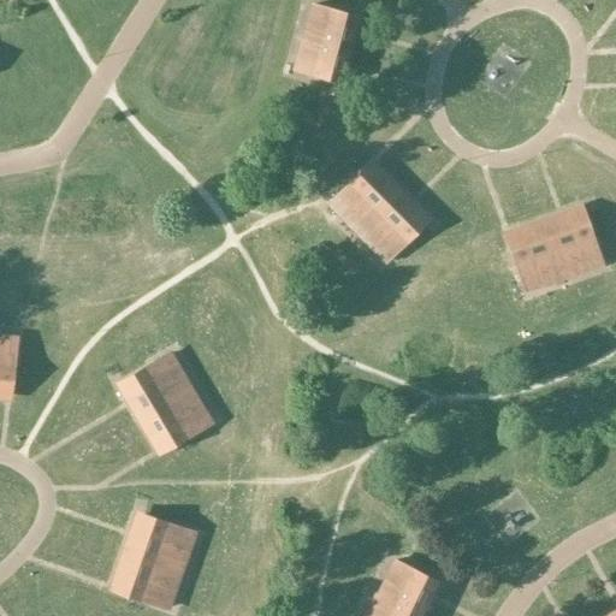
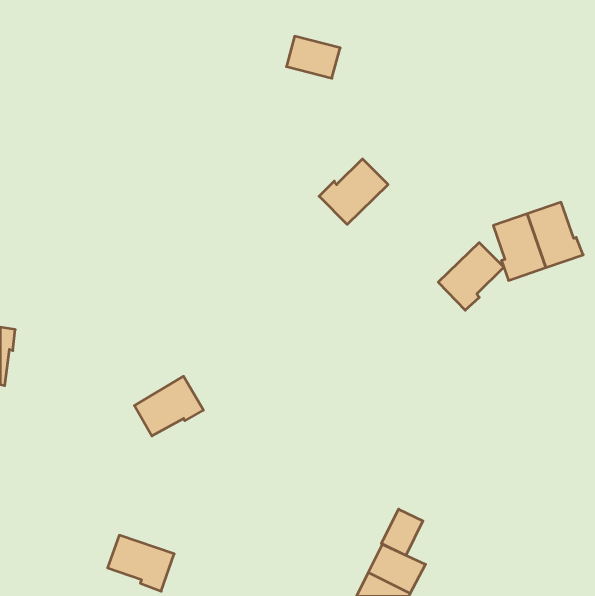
building: [306,5,361,49] -> none
building: [360,190,427,260] -> [438,243,504,310]
building: [122,353,191,417] -> none
building: [125,516,195,570] -> none
building: none -> [381,509,423,555]

